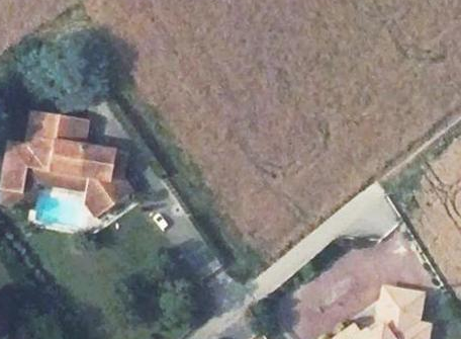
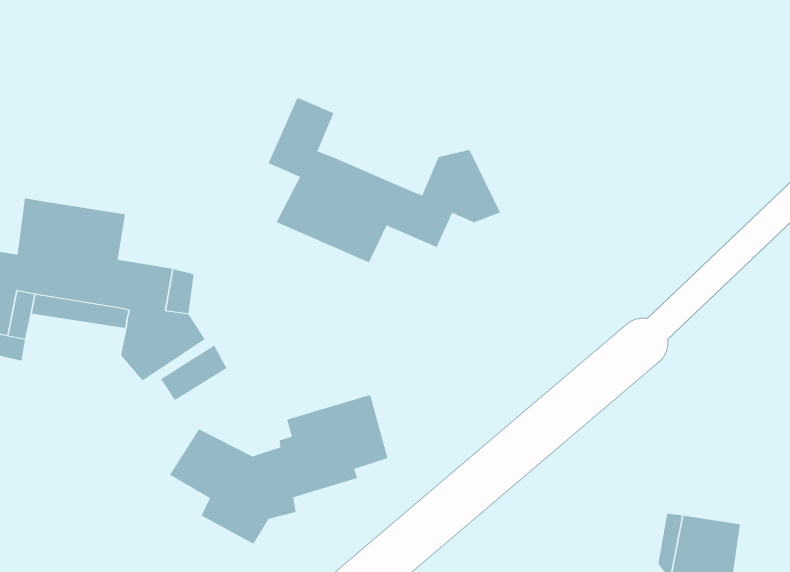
building: none -> [268,97,501,263]
building: none -> [169,394,388,545]

